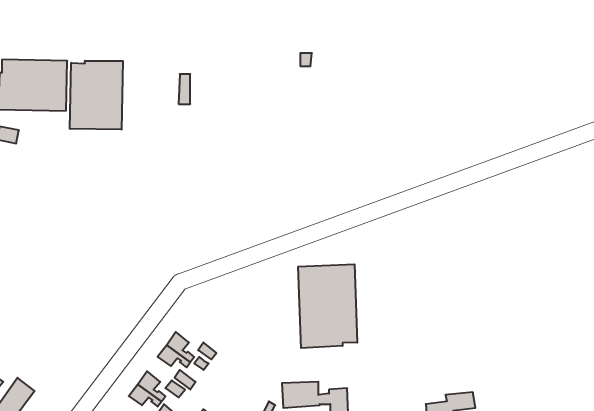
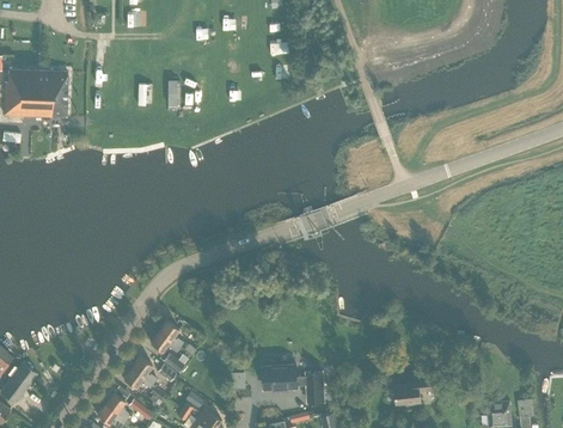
building: [70,61,123,130] -> none
building: [298,264,357,348] -> none

